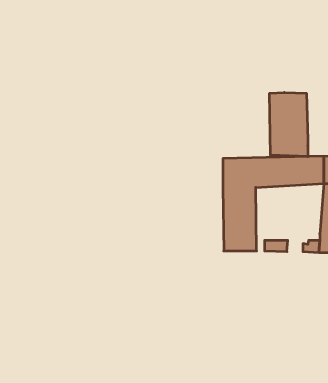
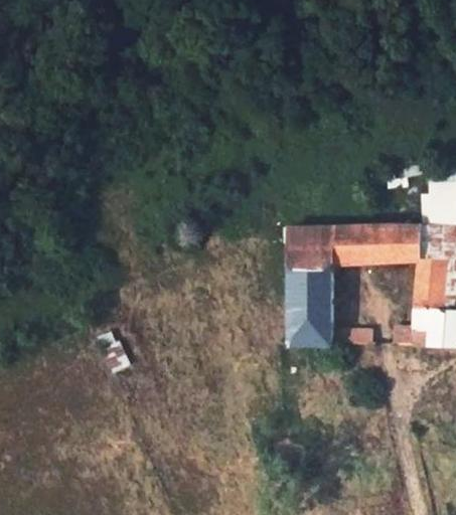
building: [270,92,308,157] -> none

